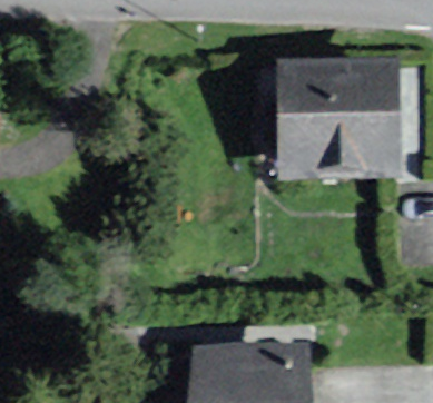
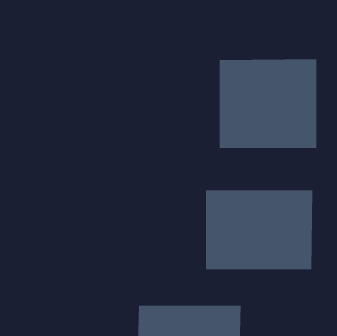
building: none -> [205,189,313,270]

